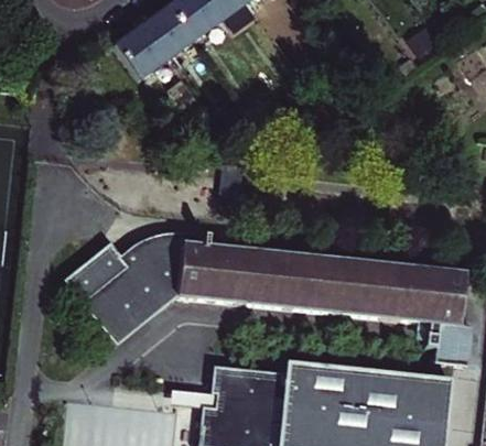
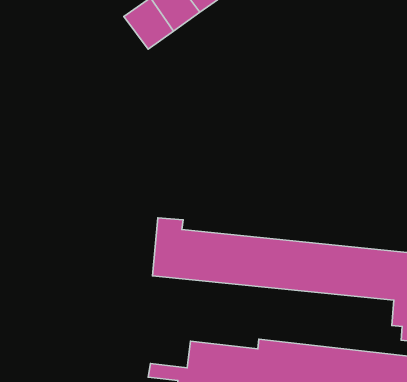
building: [119,24,172,78] -> none
building: [64,233,182,346] -> none

